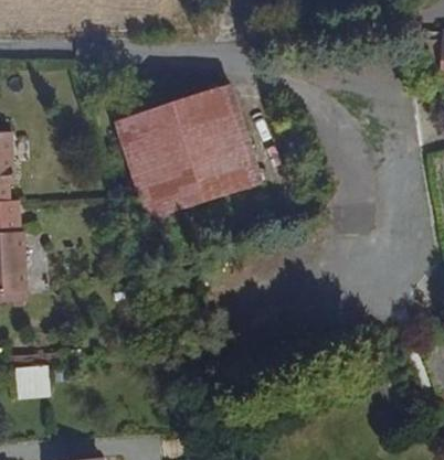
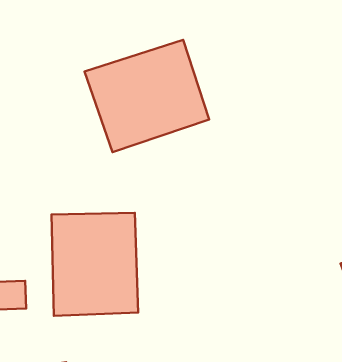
building: none -> [52,213,138,316]

